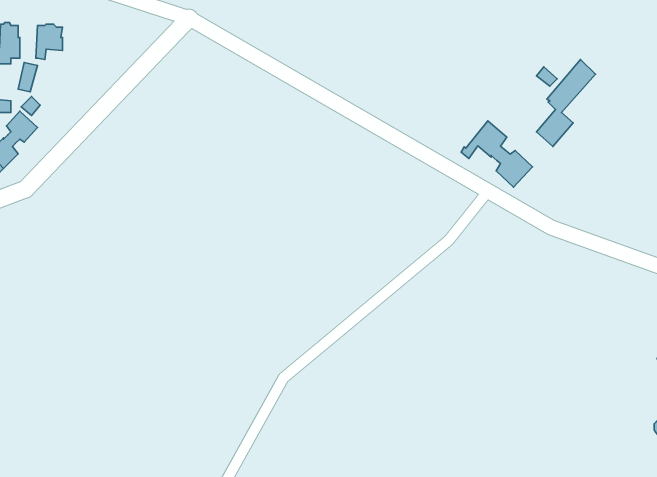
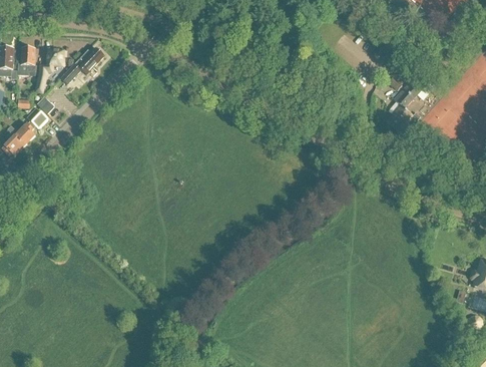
building: none -> [61,48,105,85]
building: [461,121,532,187] -> none

